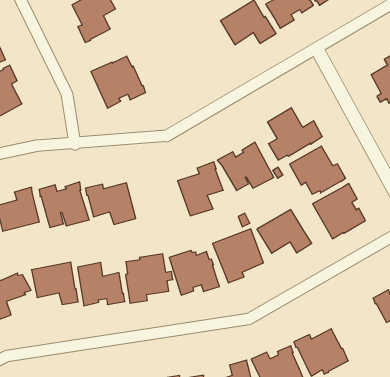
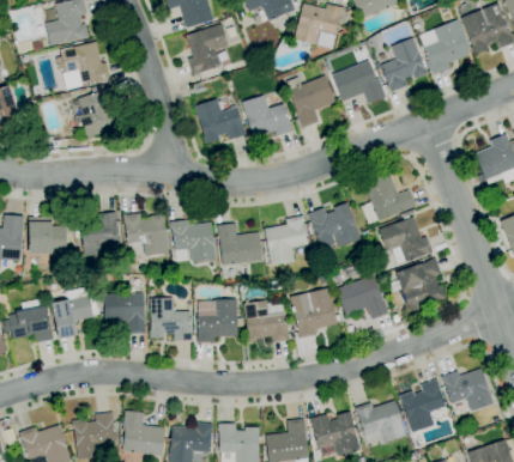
building: none -> [286,75,335,128]
building: none -> [242,96,292,139]
building: none -> [217,224,262,266]
building: none -> [399,379,446,433]

